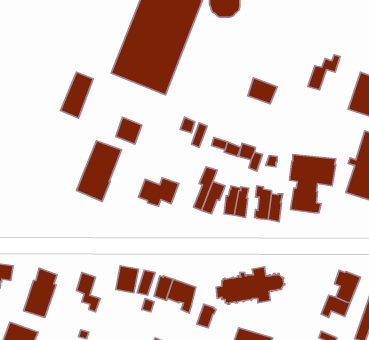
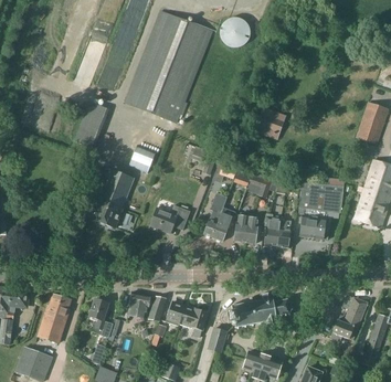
building: [308,55,340,90] -> none

